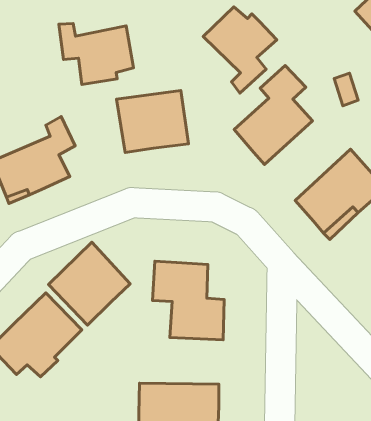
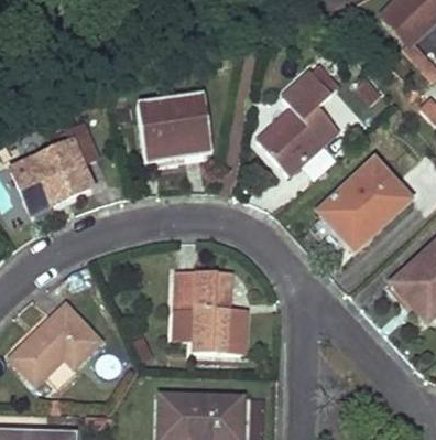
building: [203,7,277,93] -> none
building: [59,24,133,84] -> none
building: [48,242,130,325] -> none

